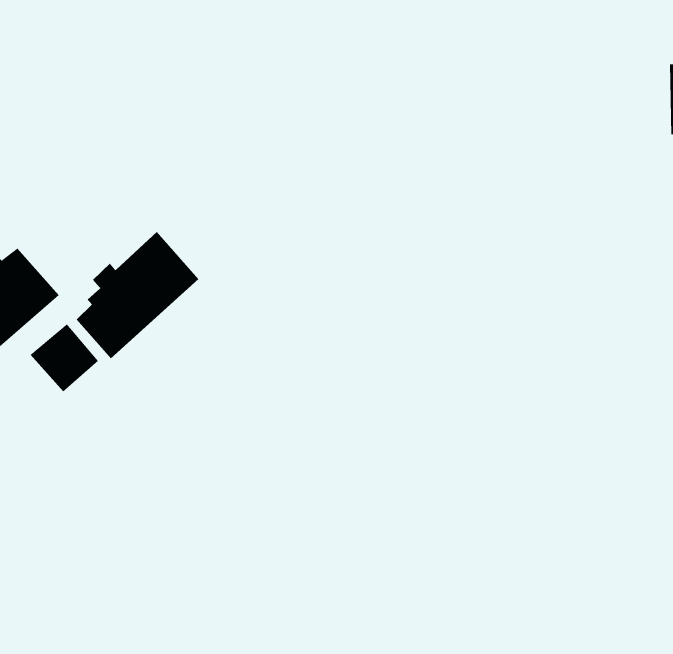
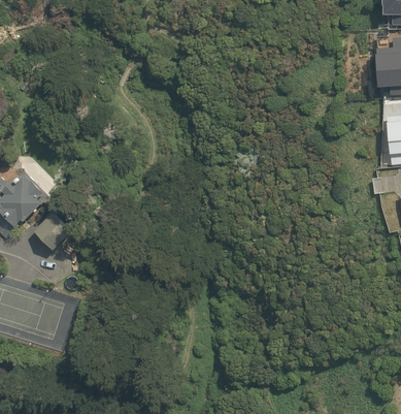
building: [76,231,199,359] -> none

